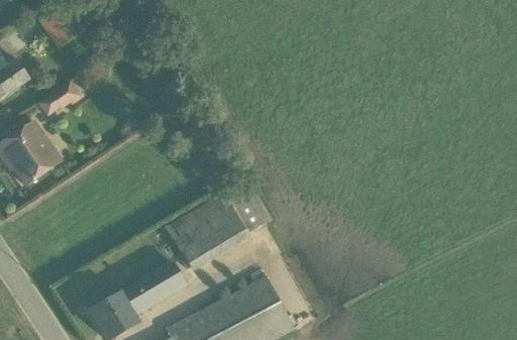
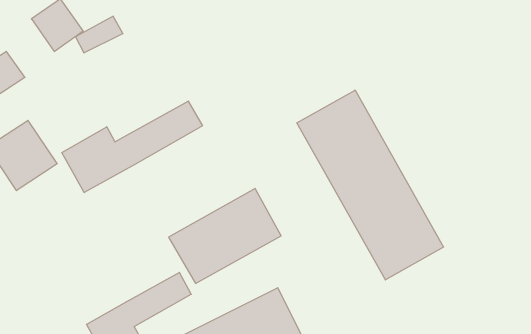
building: [35,78,80,112] -> [75,16,123,53]
building: none -> [297,90,444,280]
building: none -> [62,101,202,193]

